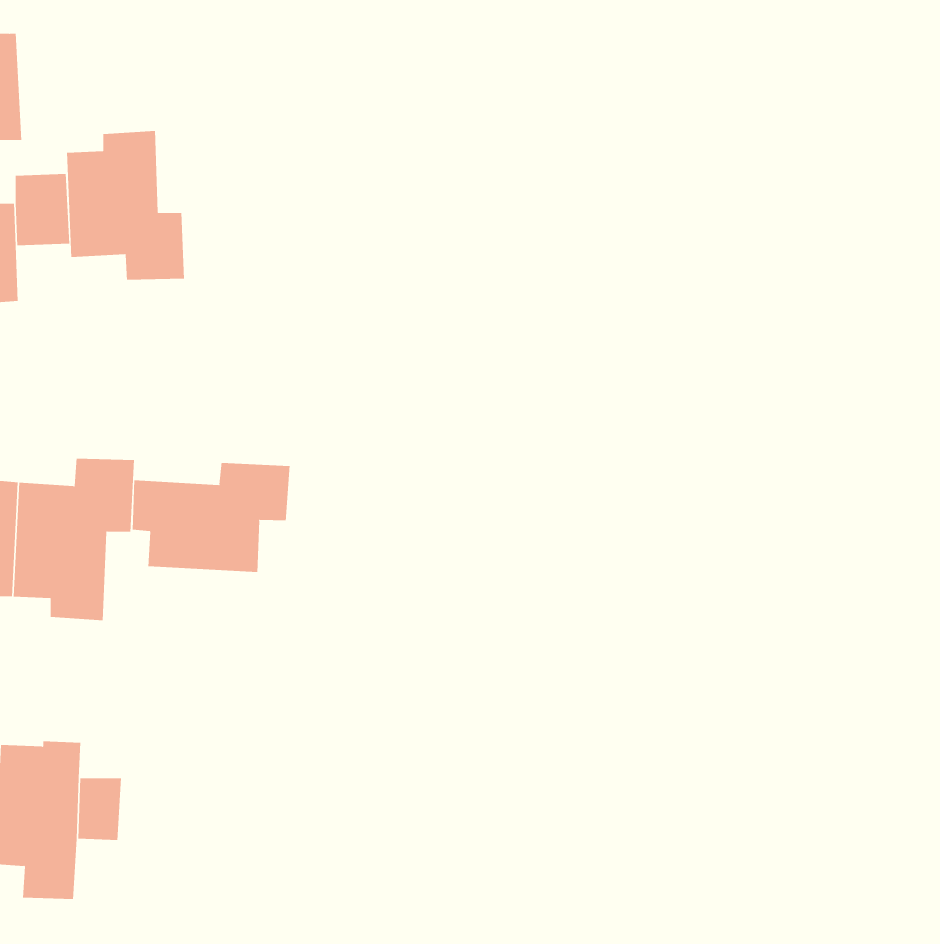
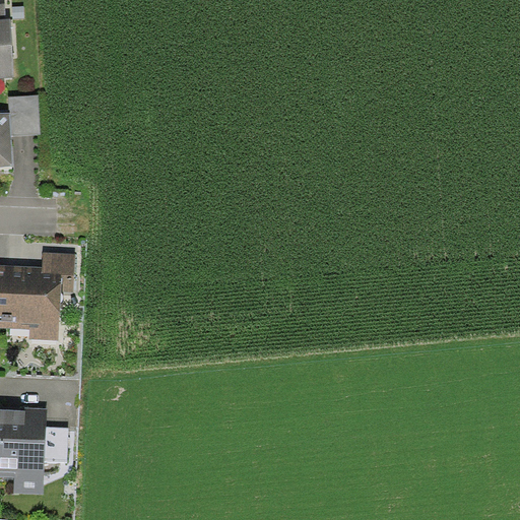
building: [66,130,185,280] -> none
building: [132,462,290,573] -> none

